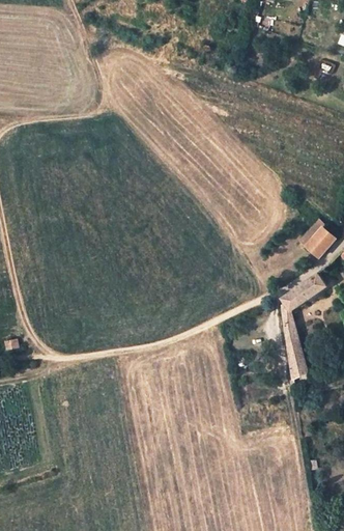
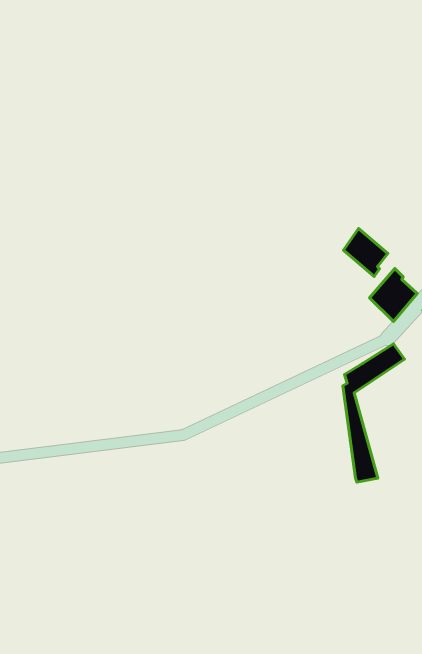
building: none -> [343,228,388,277]

